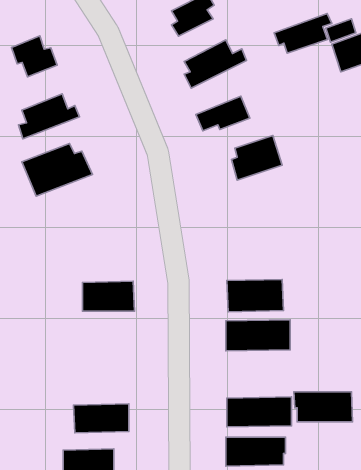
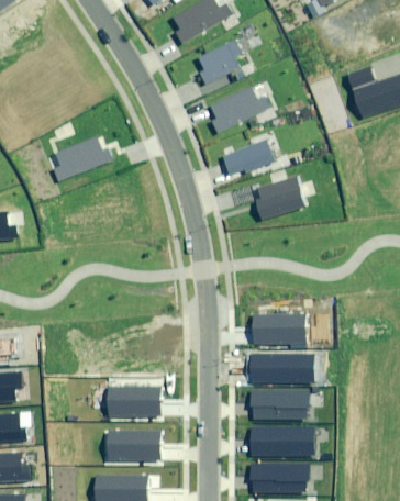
building: [274,14,332,53] -> none
building: [12,36,57,77] -> none
building: [22,143,92,196] -> none
building: [83,281,134,311] -> [109,388,158,416]
building: [294,392,353,422] -> [249,390,305,419]

